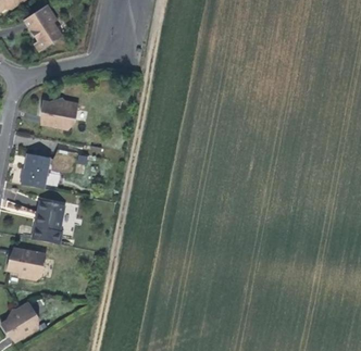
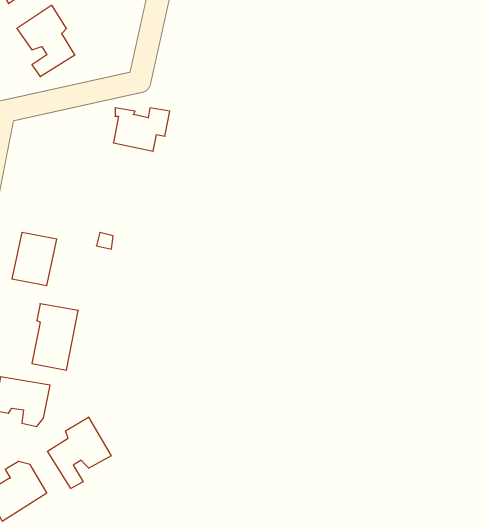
building: [41,101,78,129] -> [113,108,170,151]
building: none -> [47,417,111,488]

